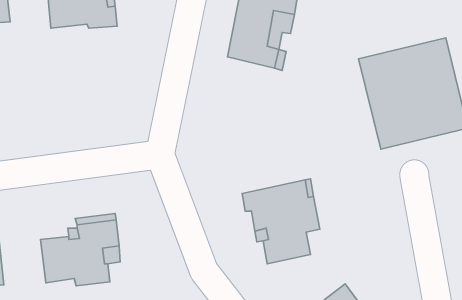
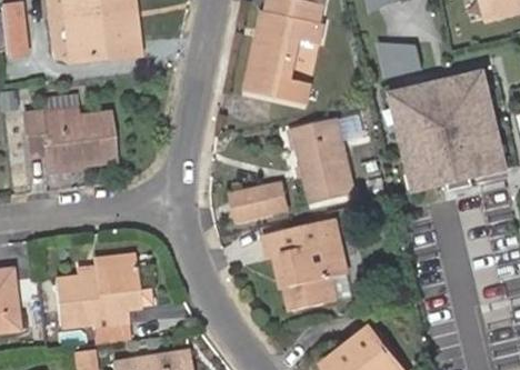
building: none -> [377,39,421,74]
building: none -> [17,97,111,170]
building: none -> [297,116,356,199]
building: none -> [231,184,281,219]

